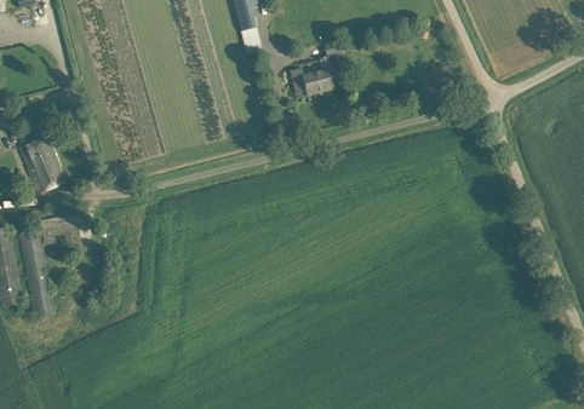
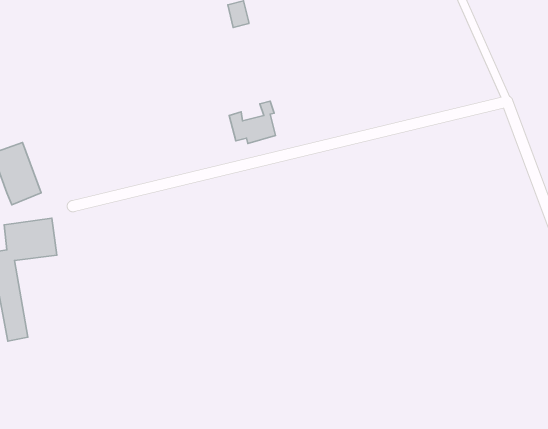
building: [290,57,332,96] -> [229,101,276,143]

